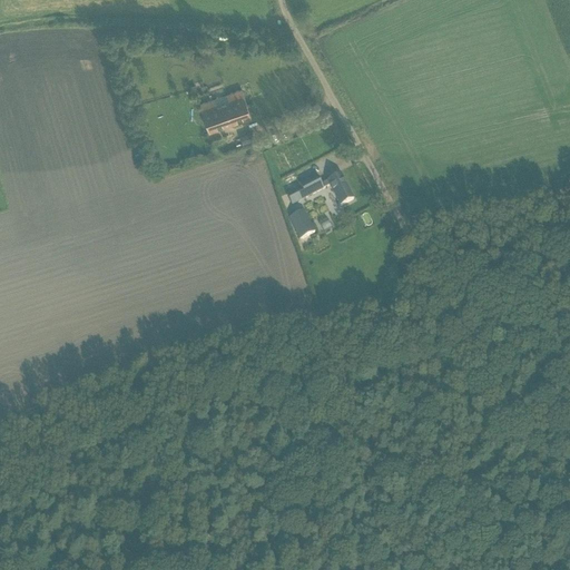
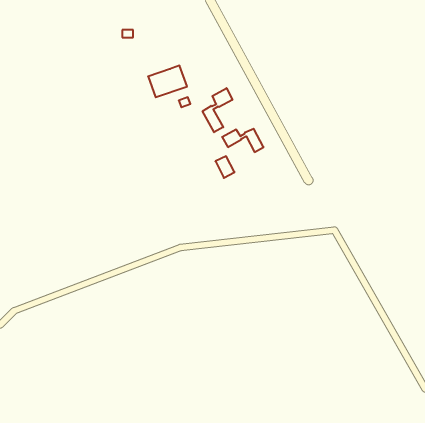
building: none -> [203,88,232,132]

